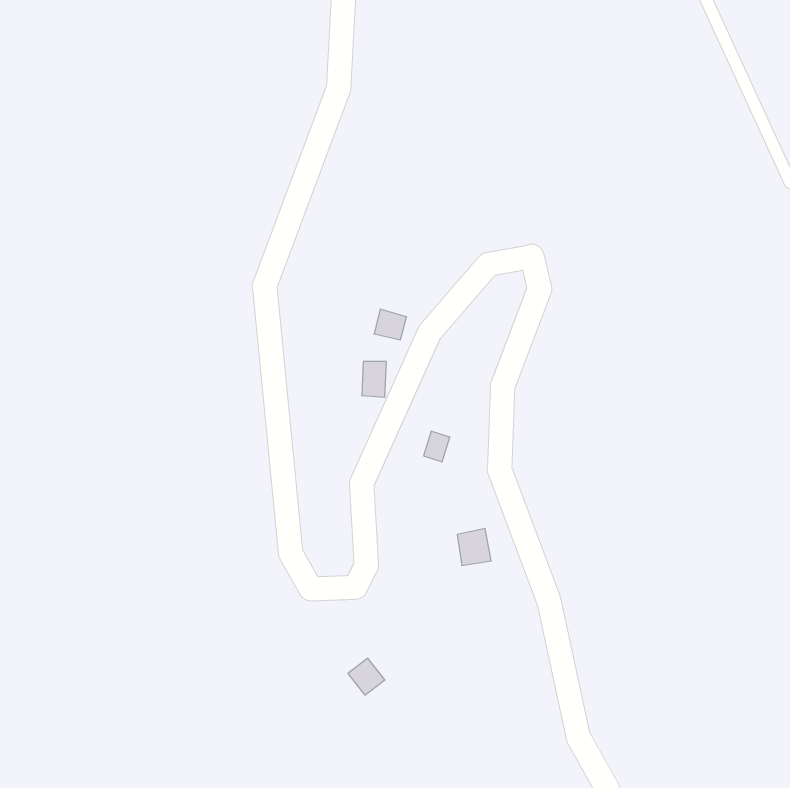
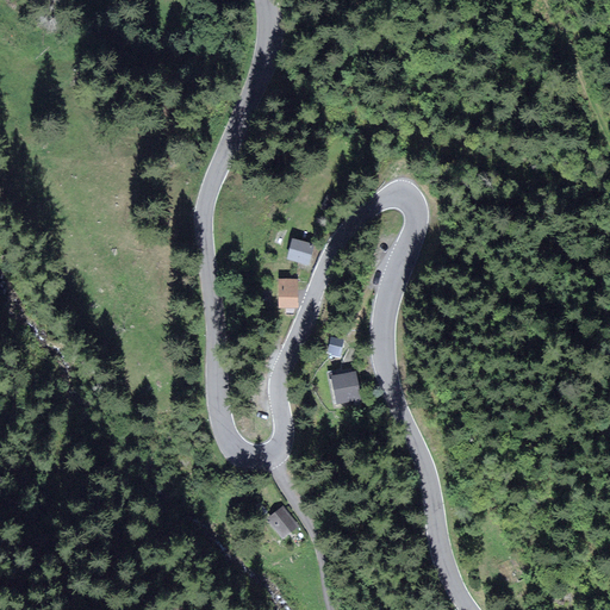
building: [457,528,491,565] -> [334,373,360,402]

